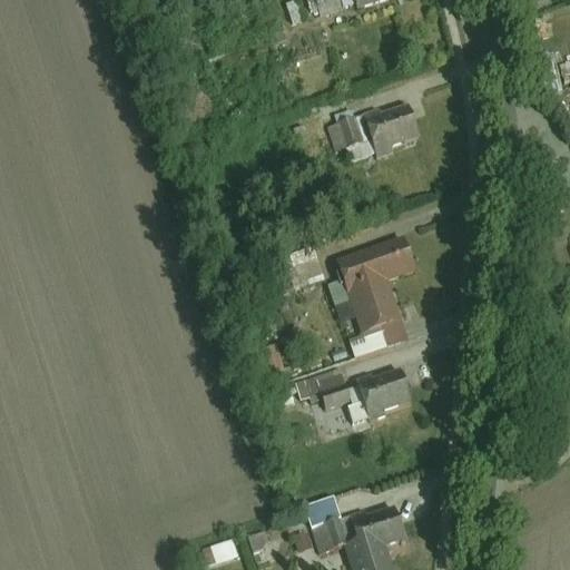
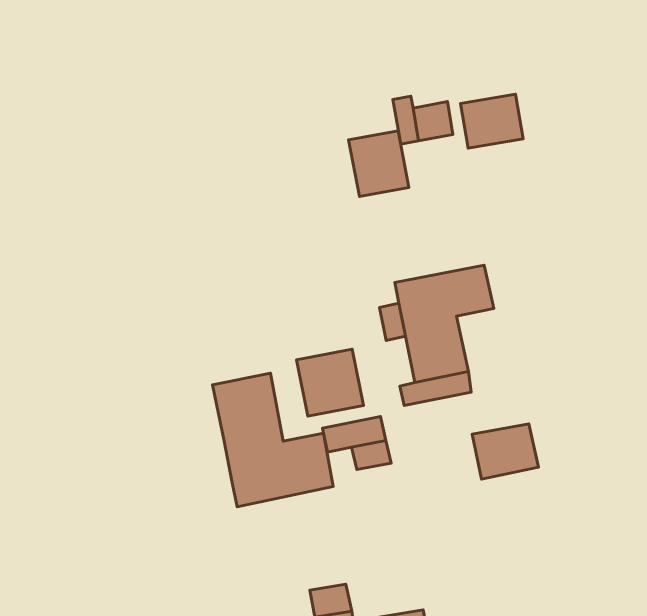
building: none -> [349,131,409,196]
building: none -> [297,349,364,416]
building: none -> [213,373,333,507]
building: [356,371,411,419] -> [472,424,538,479]

